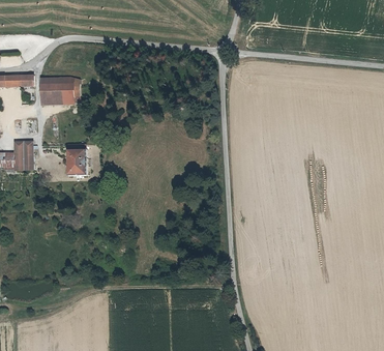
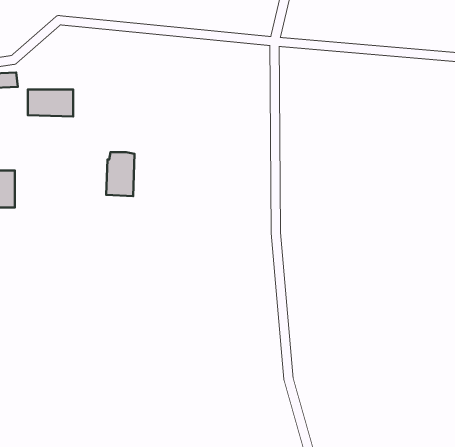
building: [65,143,86,175] -> [106,152,135,196]

